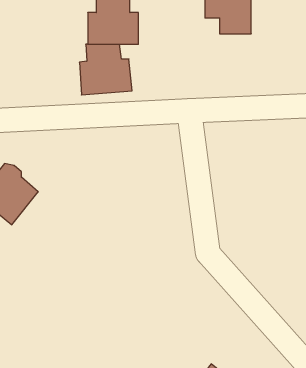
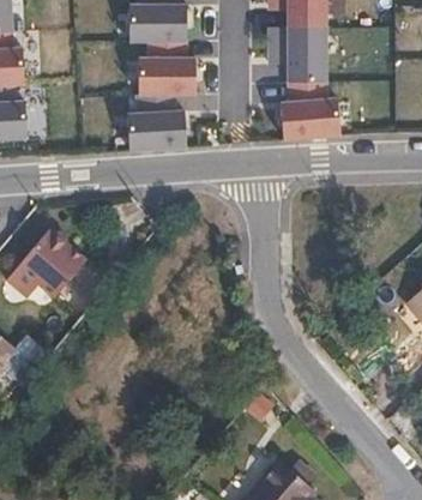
building: none -> [281,82,337,139]

